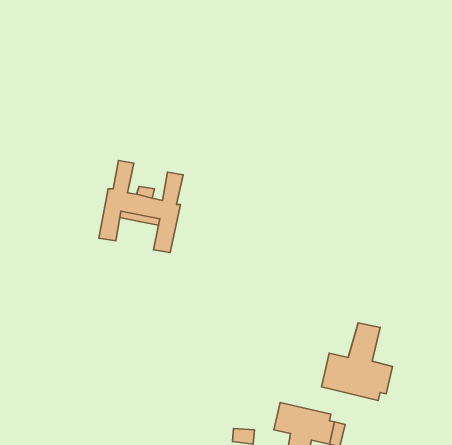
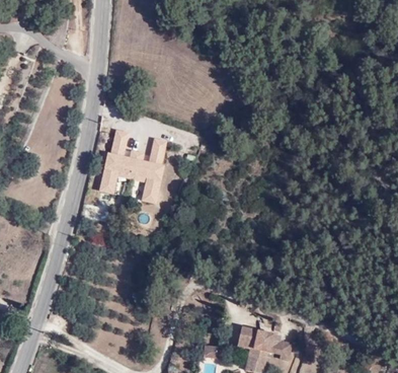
building: [321,323,393,401] -> none

